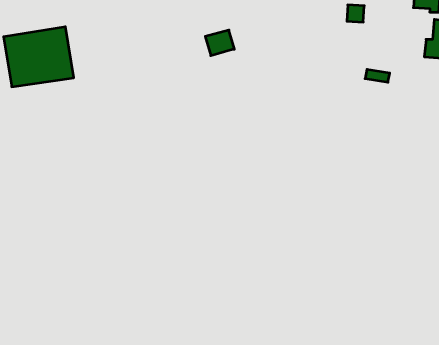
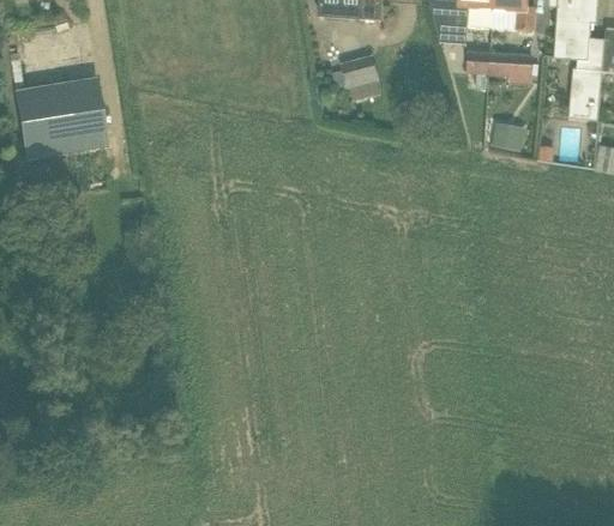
building: none -> [488,50,532,79]
building: [205,30,234,56] -> [341,53,379,86]

